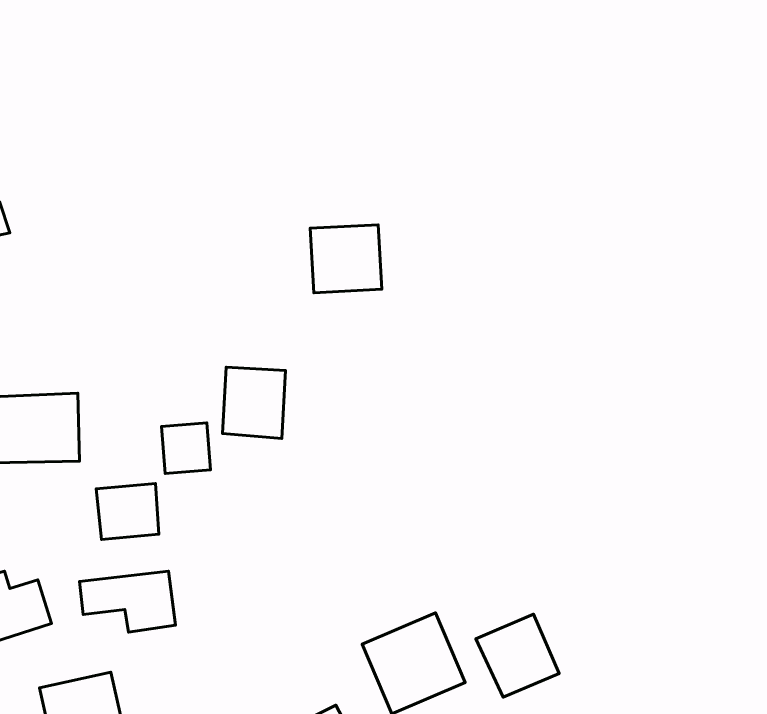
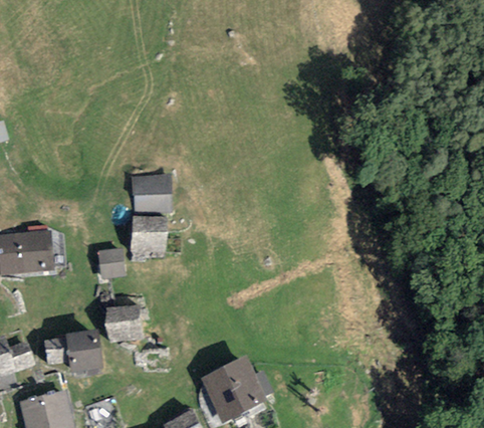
building: [310,225,382,293] -> [128,175,169,214]
building: [96,484,159,539] -> [105,306,142,339]
building: [476,614,559,697] -> none

